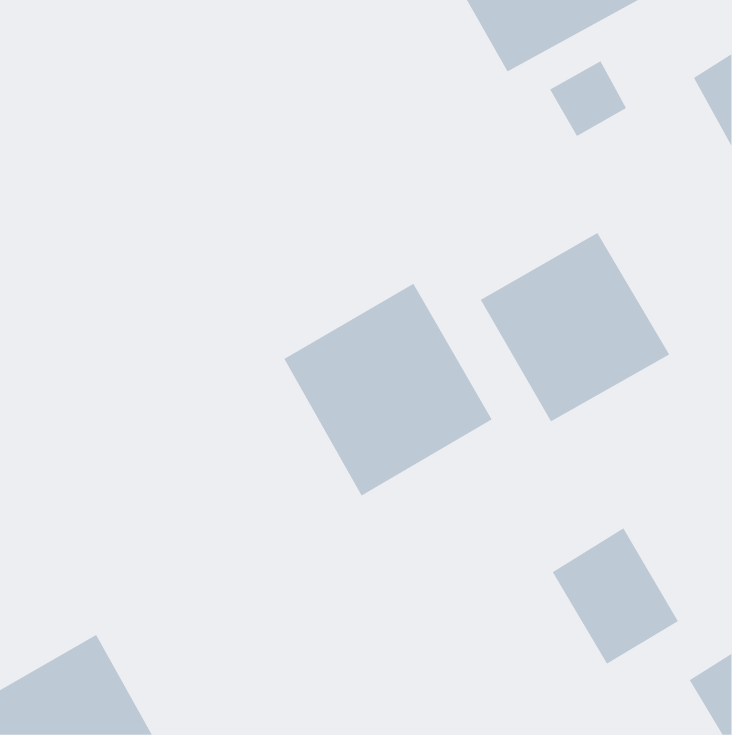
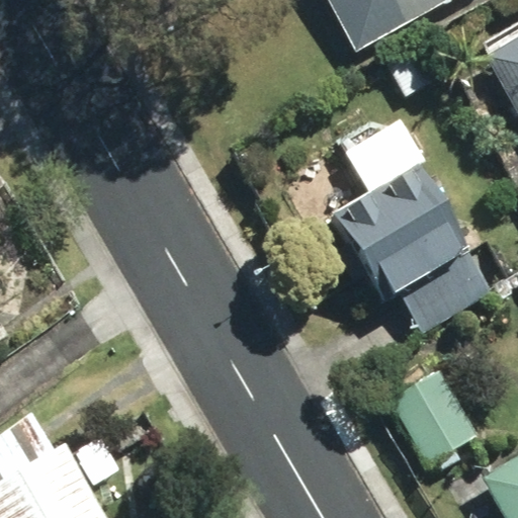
building: [283,283,492,497] -> none

